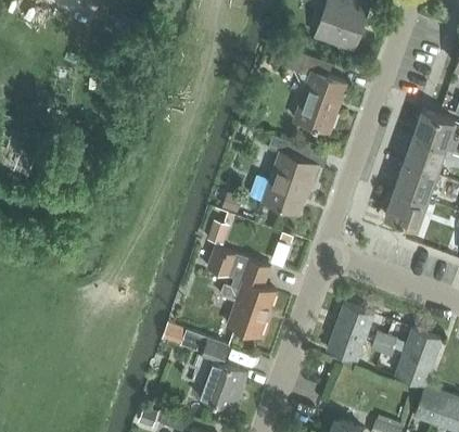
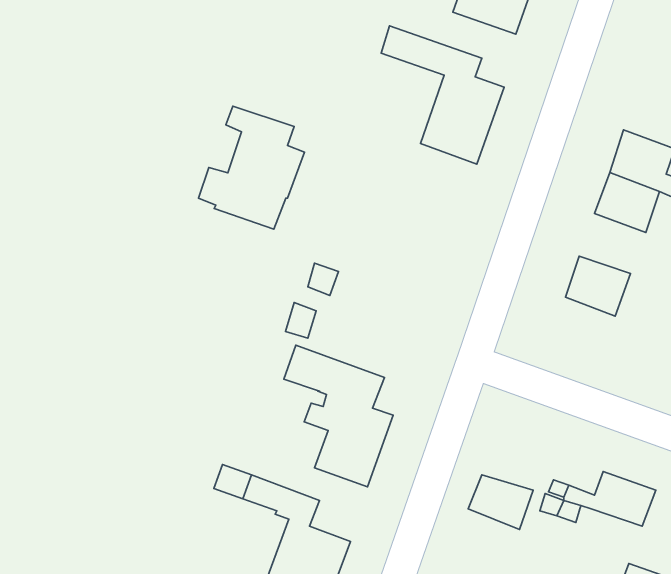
building: [252,137,319,215] -> [199,106,305,229]
building: [395,164,437,202] -> none
building: [333,303,375,340] -> none
building: [395,352,435,386] -> none

